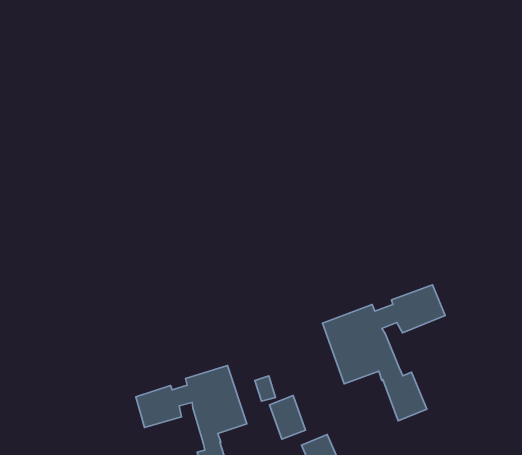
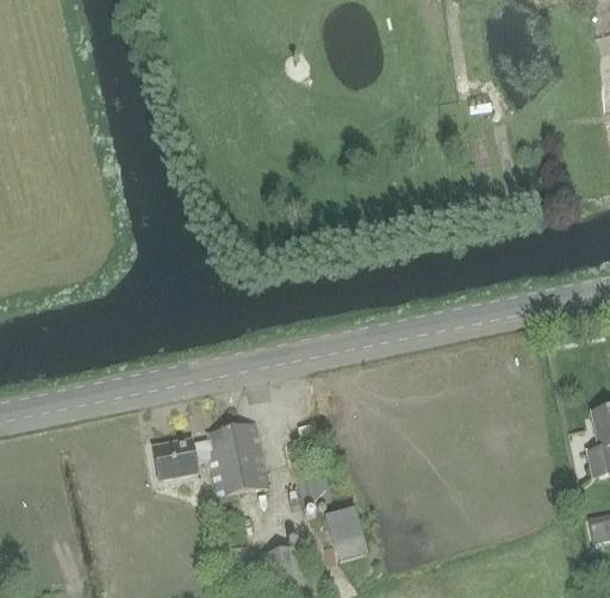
building: [322,285,445,421] -> none

